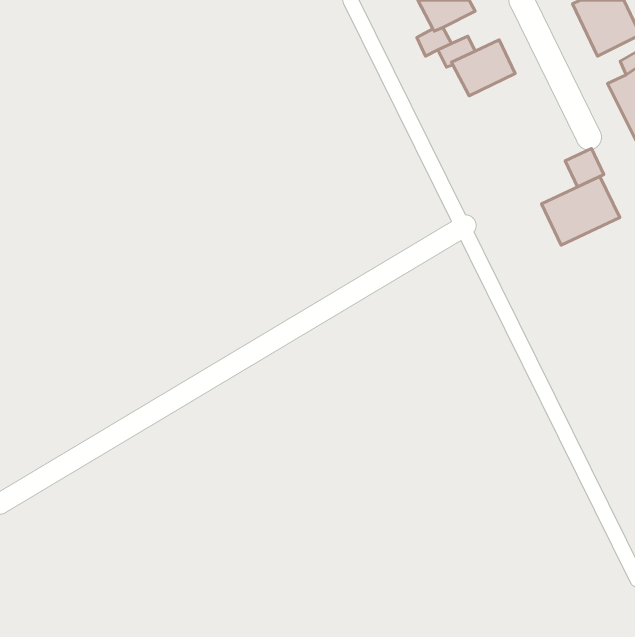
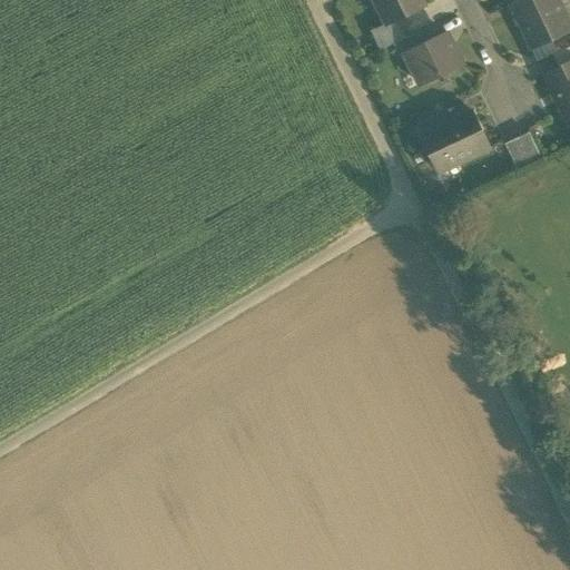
building: [541,177,620,245] -> [422,111,492,173]

